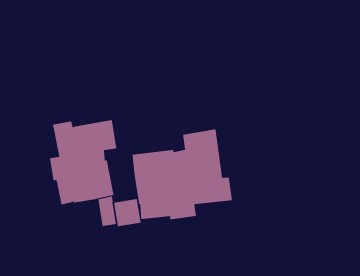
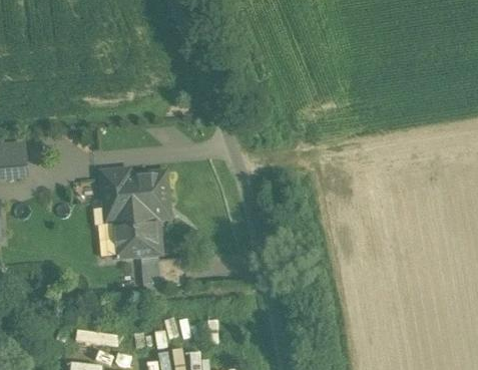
building: [132,129,232,220] -> none

